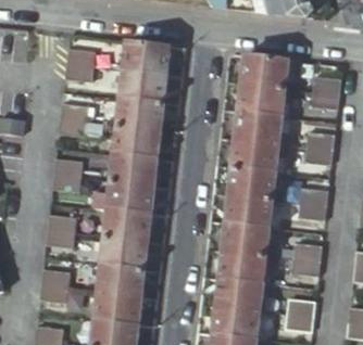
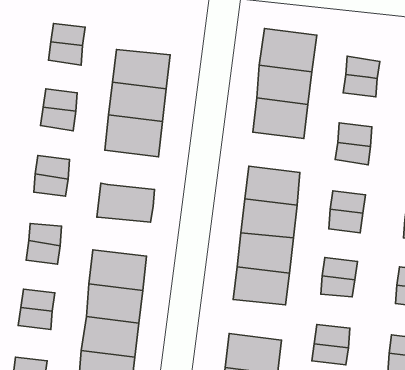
building: [123,39,171,74] -> none
building: [233,138,278,171] -> none
building: [110,153,158,186] -> none
building: [103,208,151,241] -> none
building: [216,277,263,310] -> none

